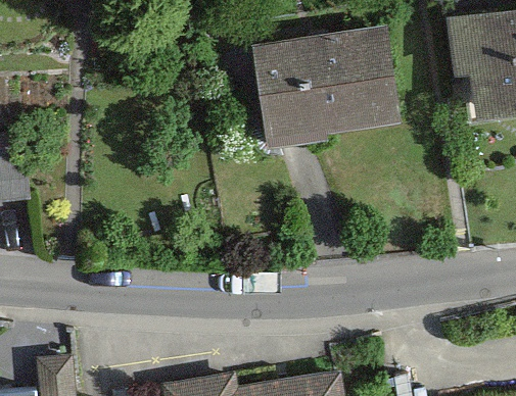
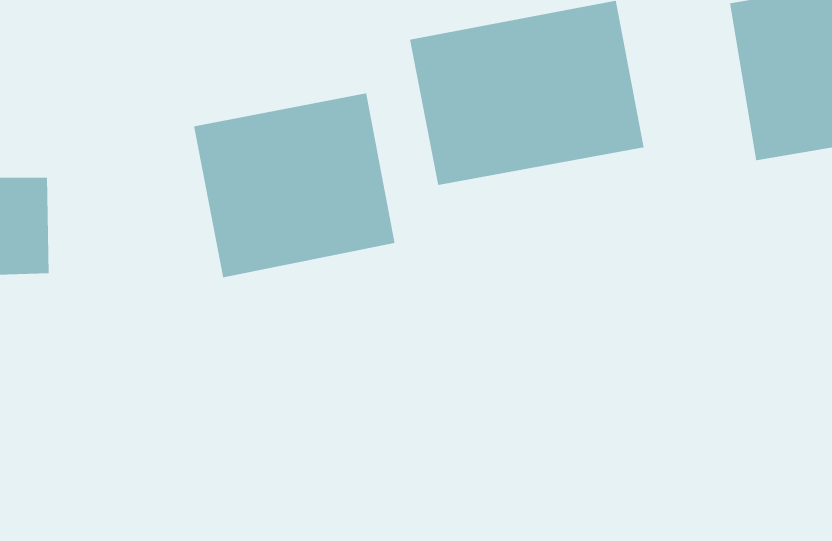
building: none -> [193,93,395,278]

